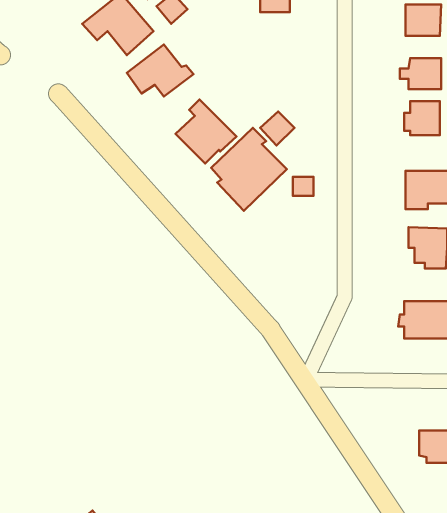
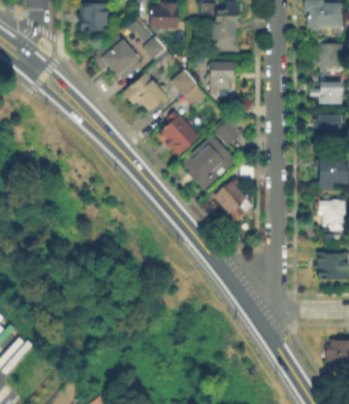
building: none -> [211,63,233,95]
building: none -> [173,72,205,107]
building: none -> [217,182,246,212]

